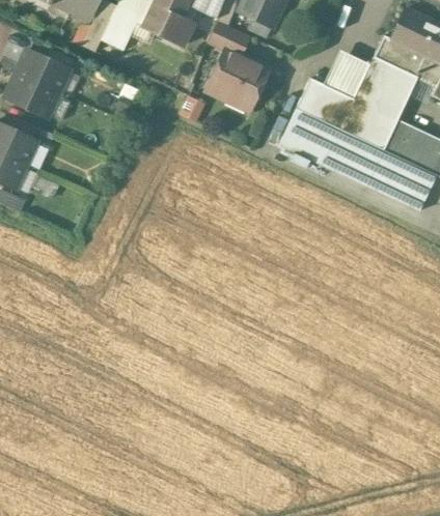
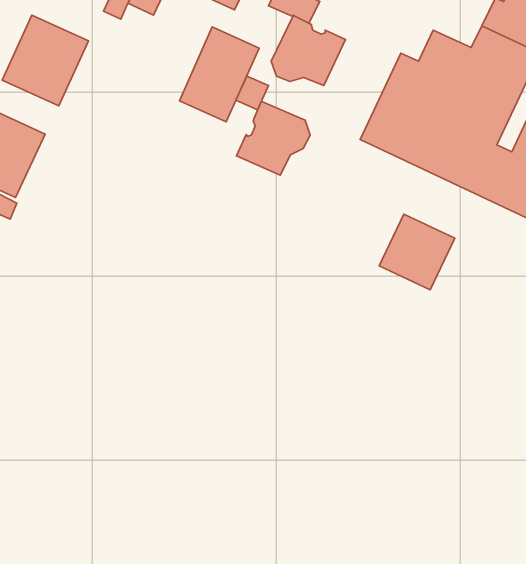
building: none -> [179,27,259,122]
building: none -> [237,101,310,175]
building: none -> [379,214,455,290]

